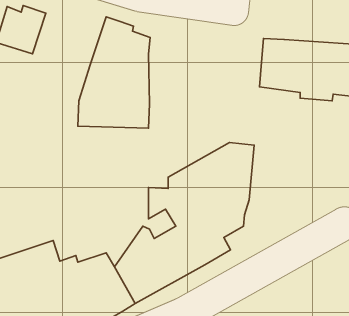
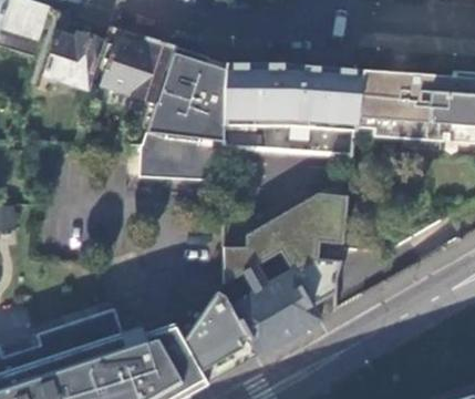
building: none -> [99,37,173,102]
building: none -> [223,63,358,157]

